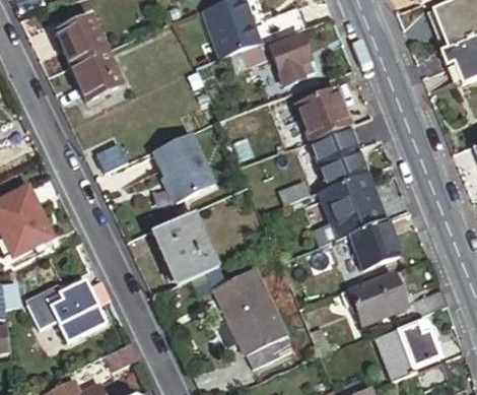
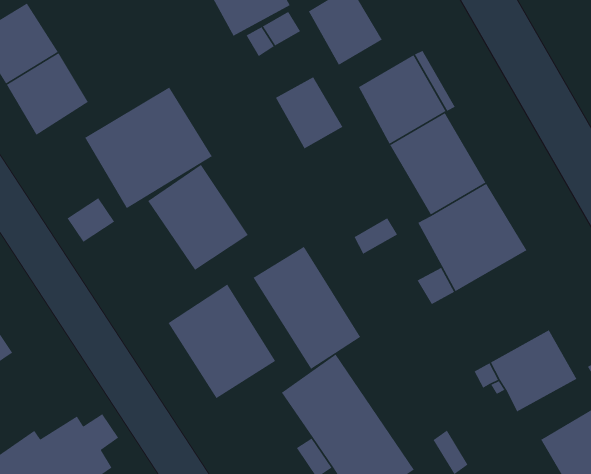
building: none -> [84,87,213,209]
building: none -> [275,76,344,149]
building: none -> [252,246,361,370]
building: [349,217,401,268] -> none

